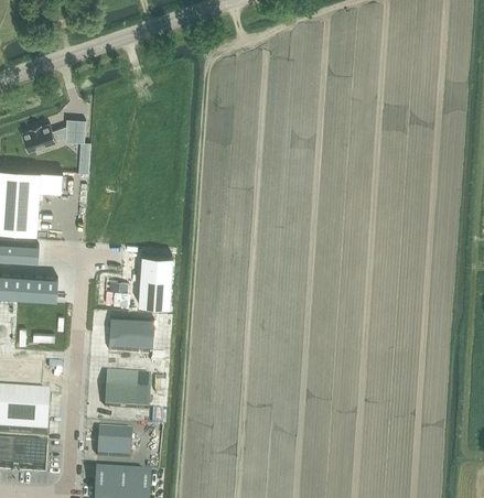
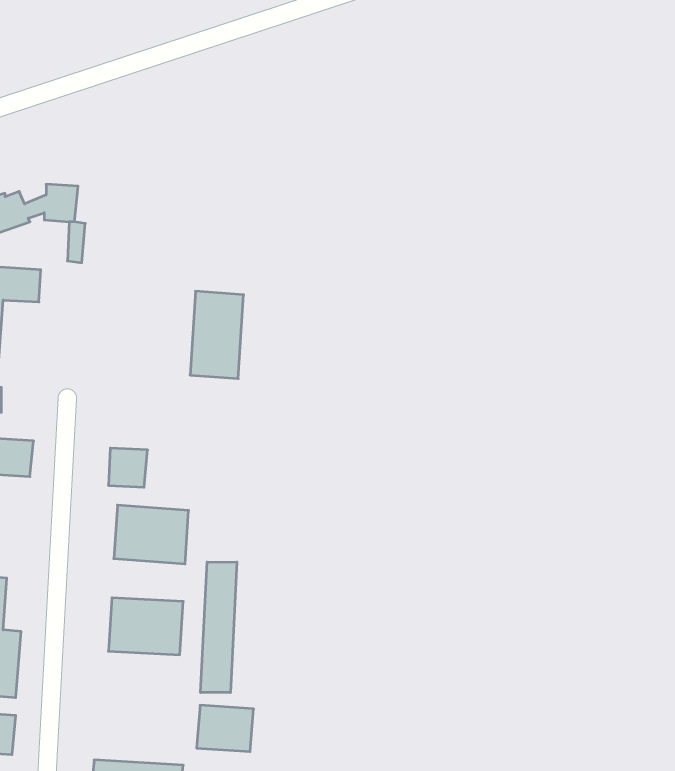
building: [139,252,172,306] -> [190,291,244,379]
building: none -> [201,562,237,693]
building: [97,429,132,457] -> [197,705,254,752]

